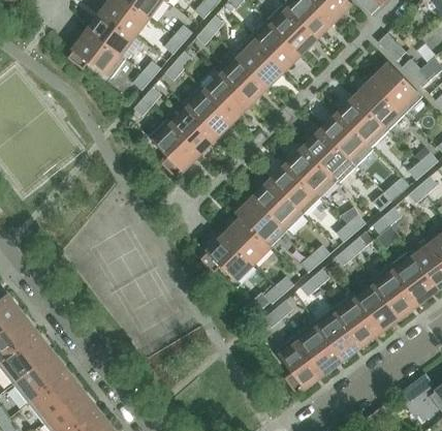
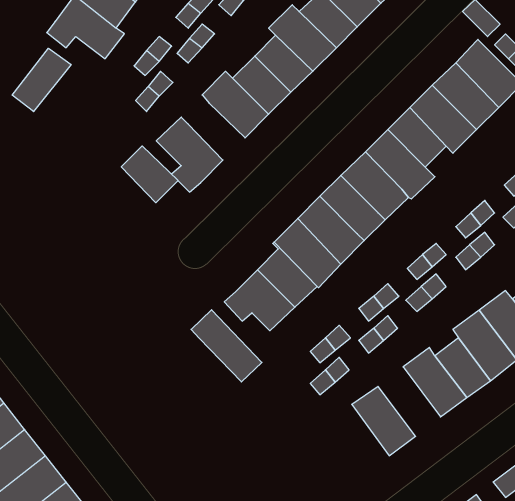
building: none -> [12,48,71,112]
building: [173,110,216,152] -> [121,146,178,203]
building: none -> [191,310,262,382]
building: [315,306,361,358] -> none
building: [276,334,323,393] -> none

